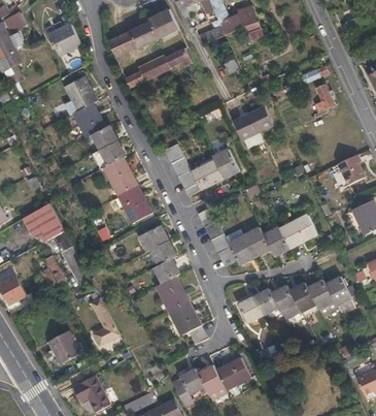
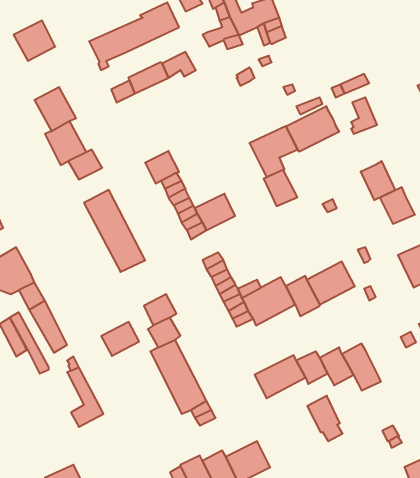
building: none -> [286,106,339,152]
building: none -> [361,161,395,200]
building: [99,139,126,165] -> [145,151,179,184]
building: [212,149,239,178] -> [264,170,297,206]
building: [138,224,168,251] -> [101,322,139,356]
building: [326,276,353,312] -> [307,396,343,441]
building: [48,329,80,363] -> none

